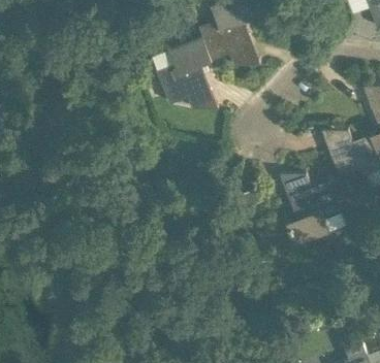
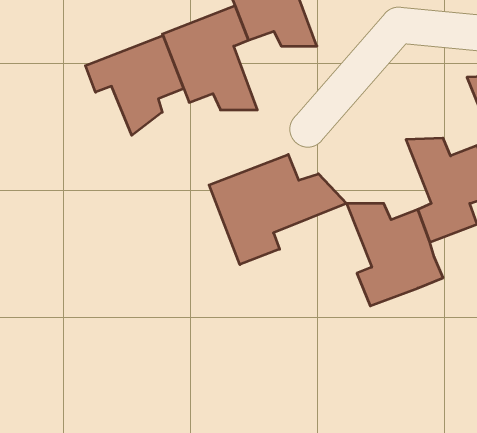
building: none -> [85,36,183,135]
building: none -> [209,154,347,265]

